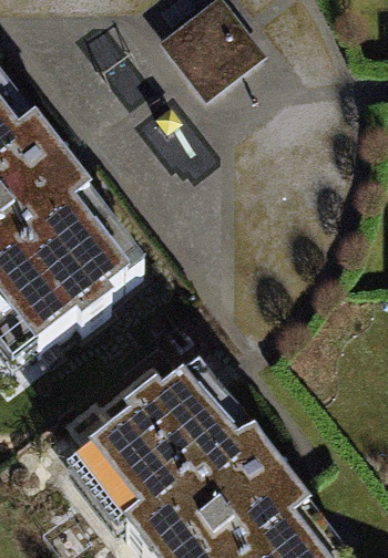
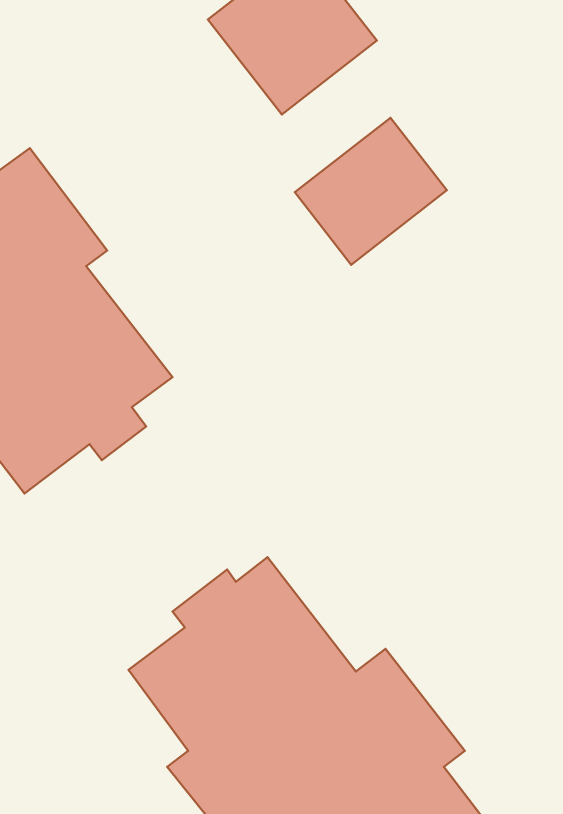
building: none -> [295,118,447,265]

